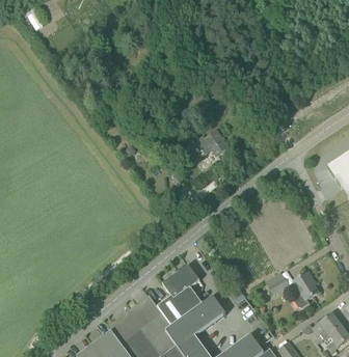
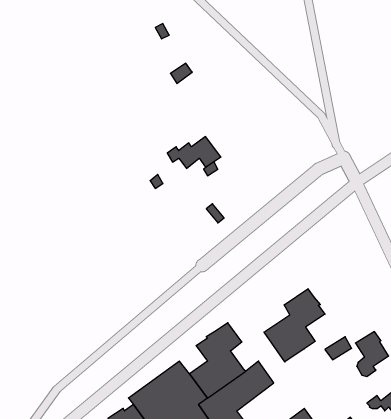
building: [185,131,229,157] -> [167,137,221,168]
building: none -> [264,289,325,362]

